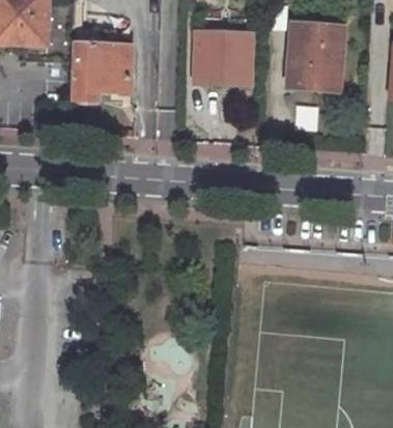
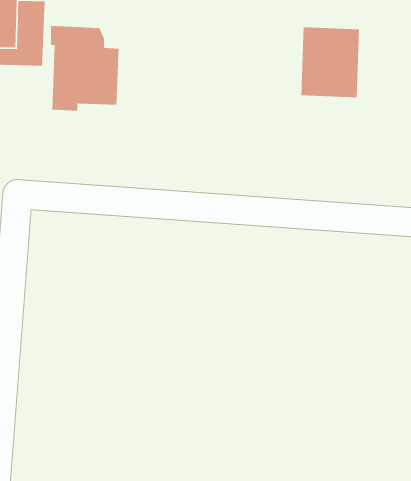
building: [196,35,249,86] -> none

